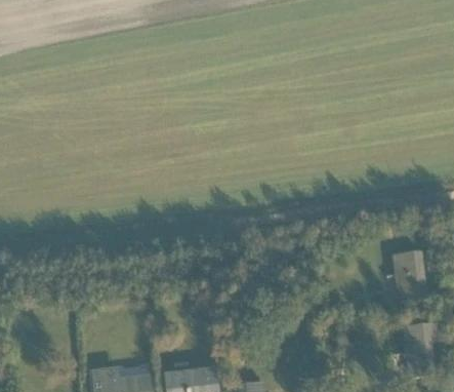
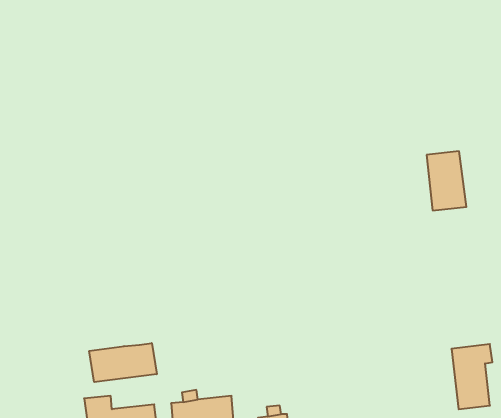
building: [393,251,426,302] -> [427,151,466,210]
building: none -> [89,343,157,382]

